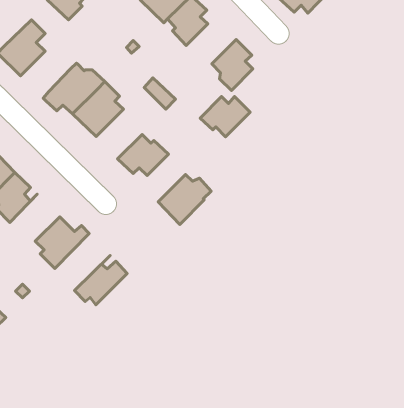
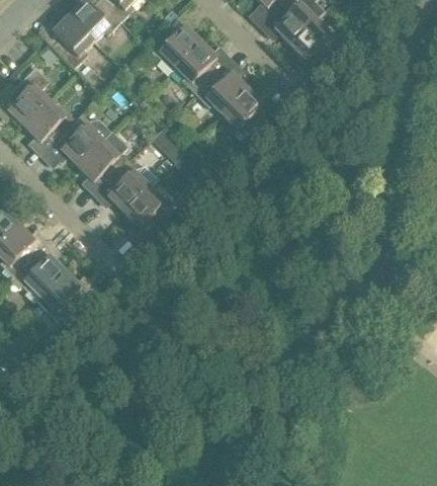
building: none -> [23,98,75,140]
building: [200,97,250,137] -> [194,70,246,111]
building: [158,174,211,224] -> [101,158,156,210]
building: none -> [12,246,64,295]
building: [74,256,127,305] -> none

